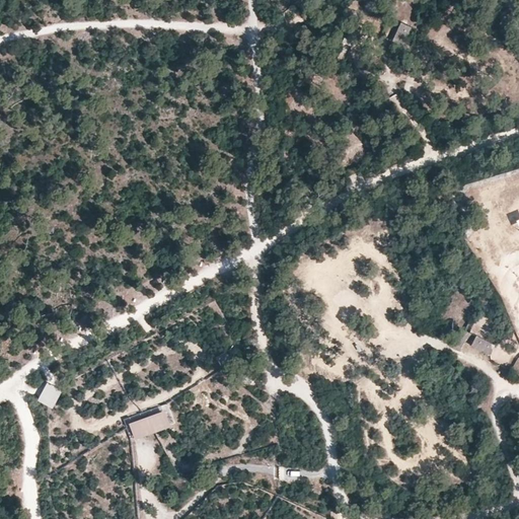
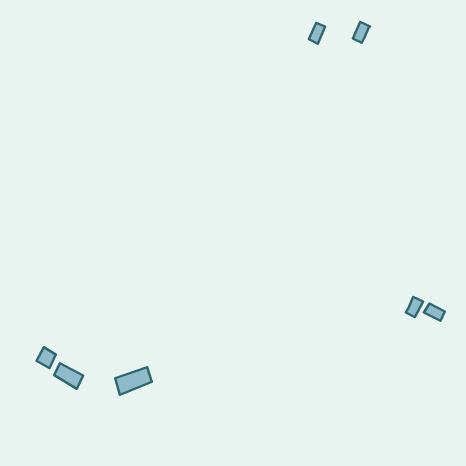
building: none -> [54,363,83,389]

